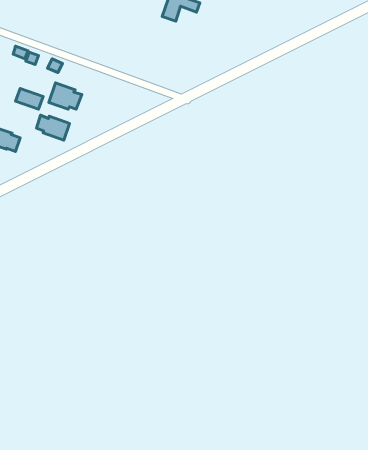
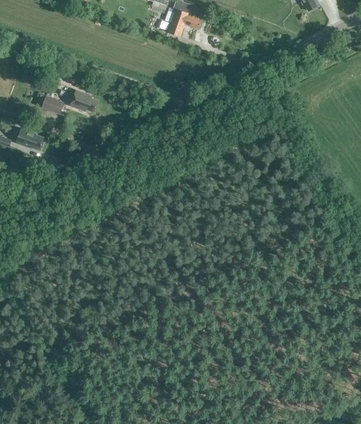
building: [36,115,70,140] -> none

